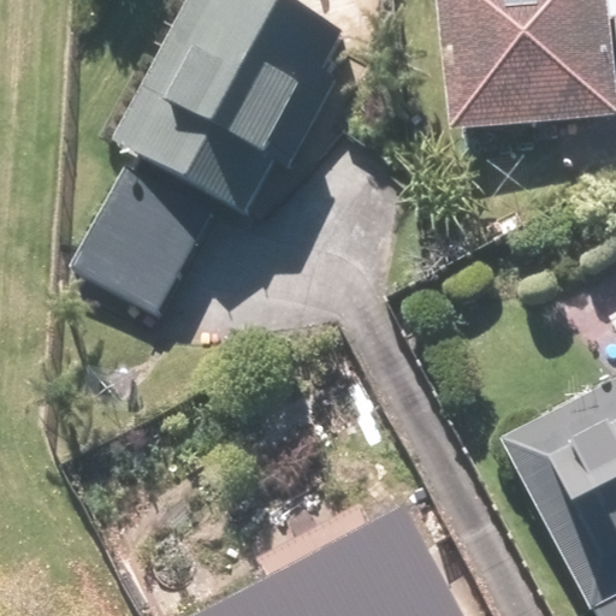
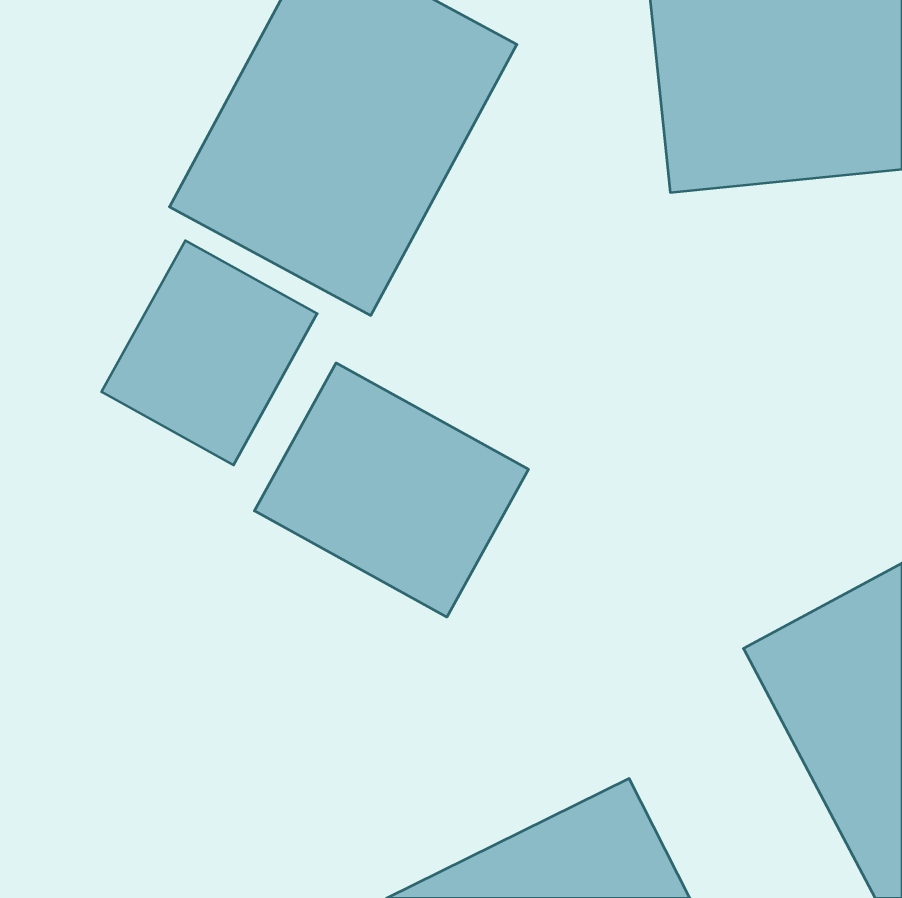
building: none -> [254,363,528,617]

